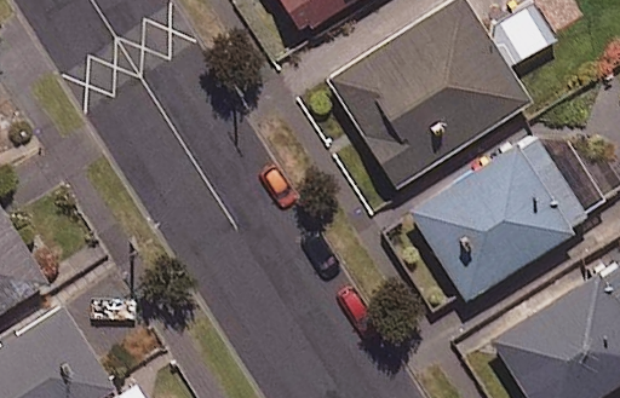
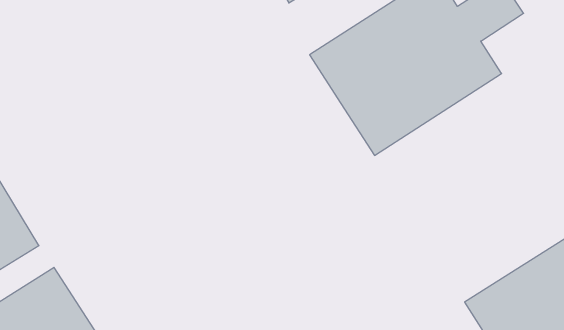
building: [409,133,589,300] -> none

